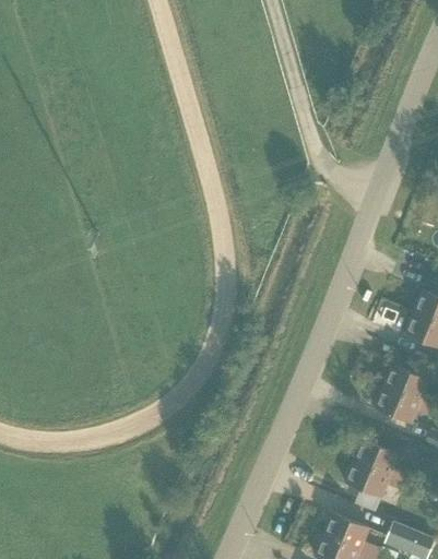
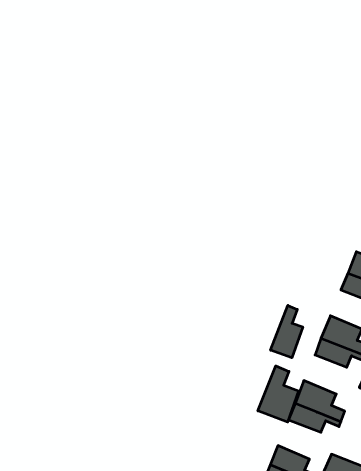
building: none -> [271,305,303,358]
building: none -> [258,366,298,422]

